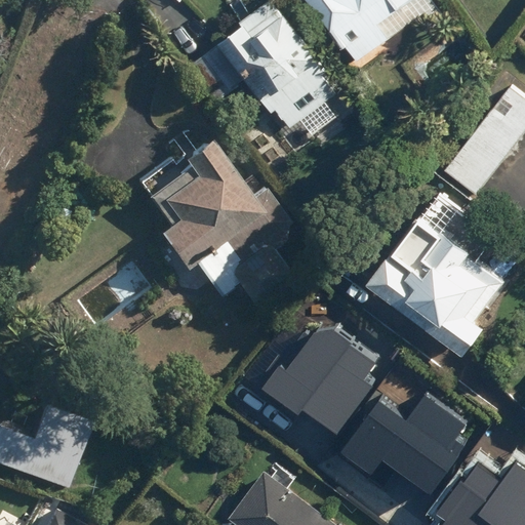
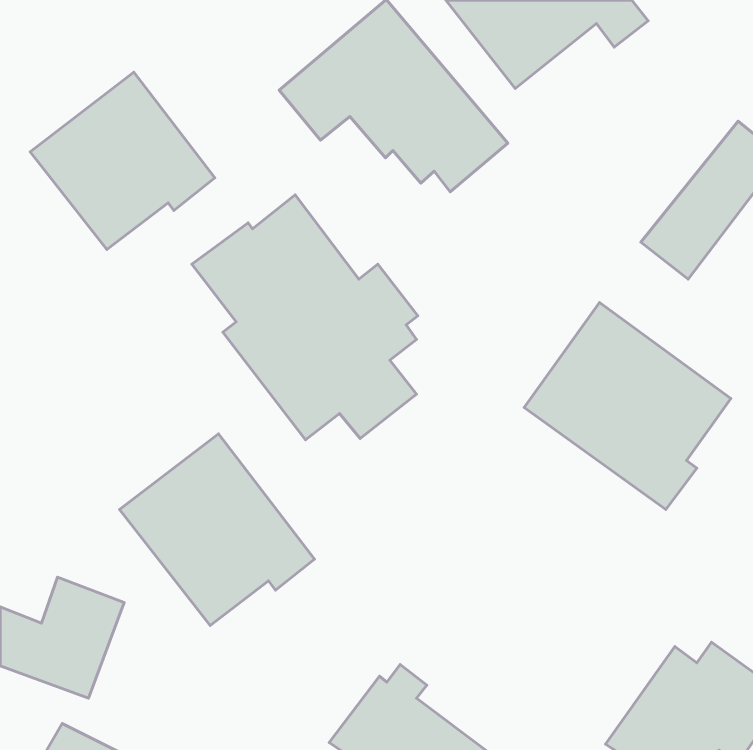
building: none -> [30,72,215,249]
building: none -> [120,434,314,626]
building: [257,311,385,425] -> none
building: [326,386,459,491] -> none

